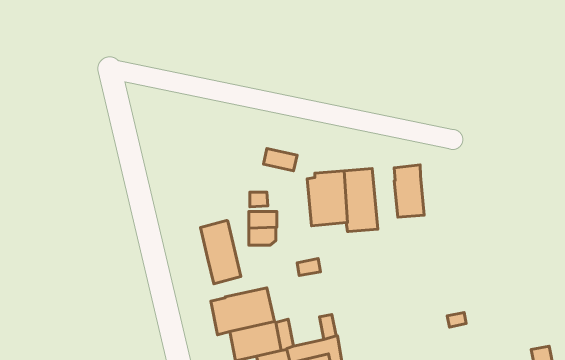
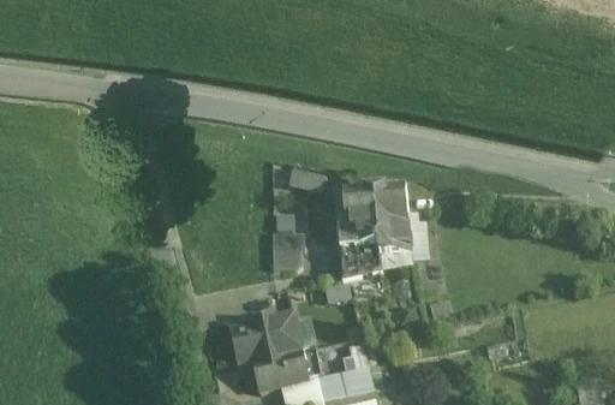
building: [394,165,424,217] -> none
building: [200,220,241,284] -> none
building: none -> [340,240,381,274]

